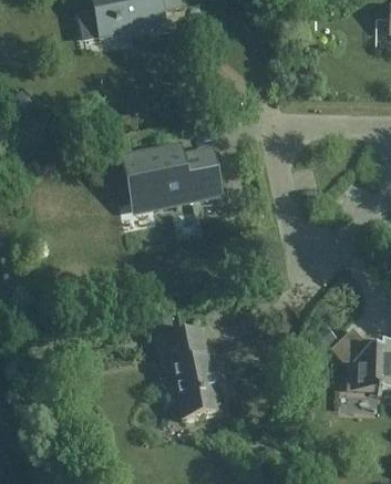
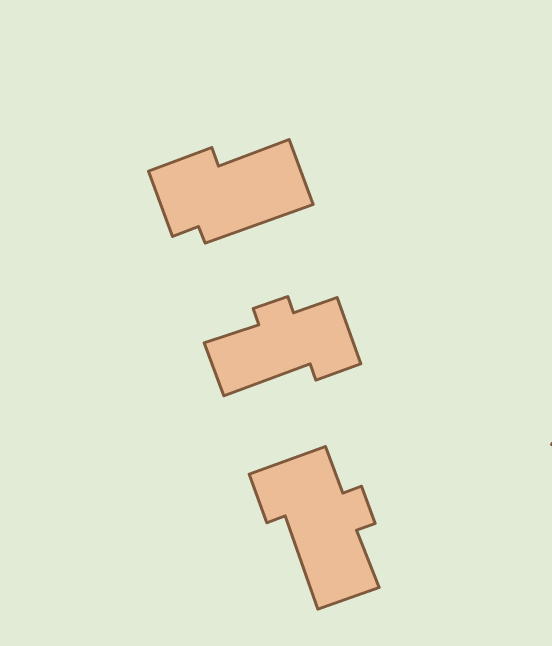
building: none -> [204,296,361,396]

